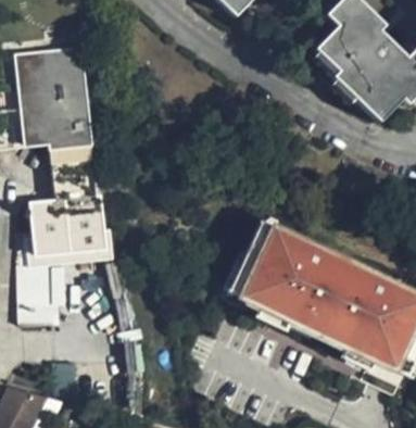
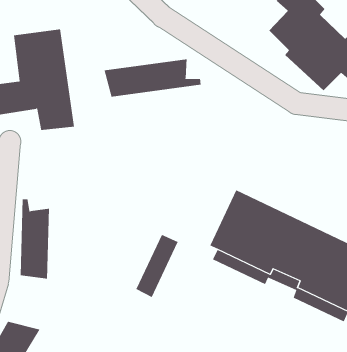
building: none -> [104,58,201,97]
building: [34,159,108,256] -> none
building: [230,223,280,297] -> [135,234,178,298]

